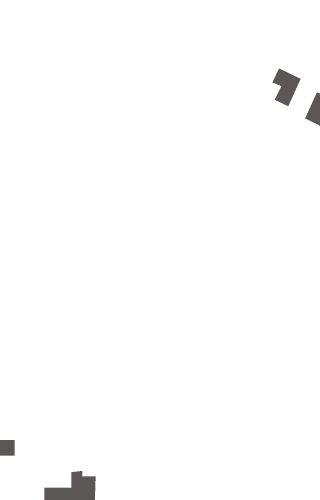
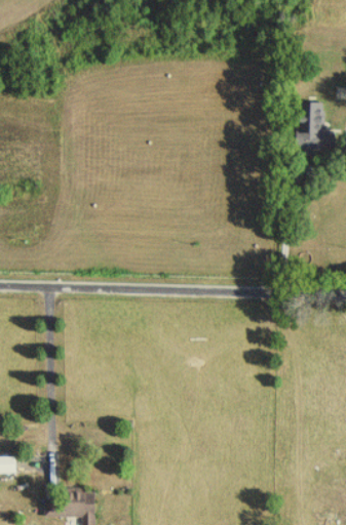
building: [272,68,301,107] -> none

